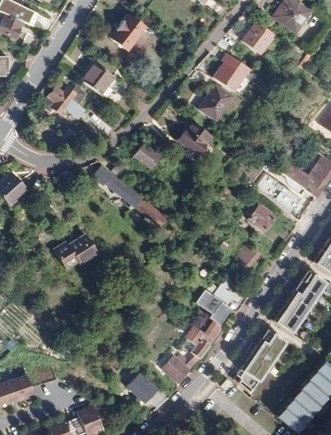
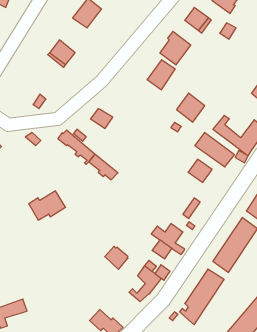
building: [42,85,83,112] -> none
building: [178,121,211,155] -> [177,93,205,122]
building: [163,356,190,383] -> [105,246,128,269]

